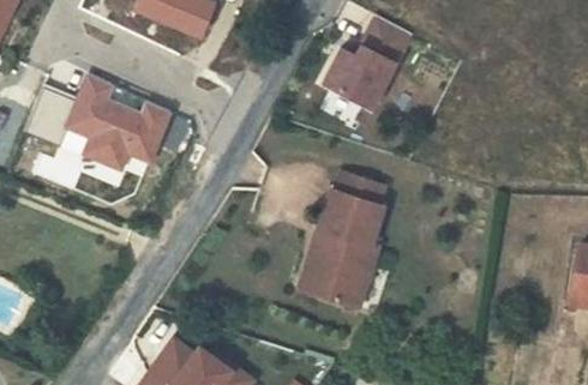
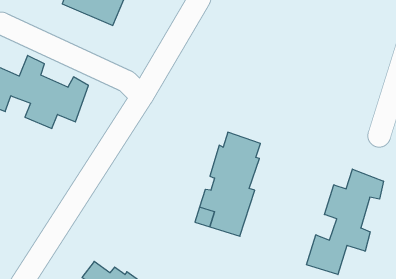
building: [324,17,410,108] -> none
building: none -> [306,169,383,275]

